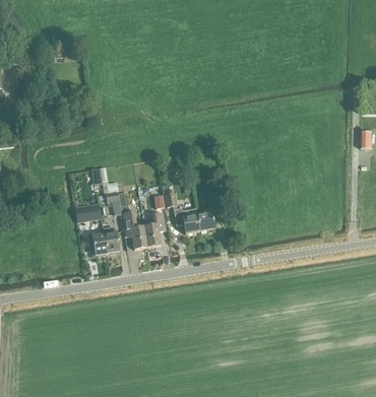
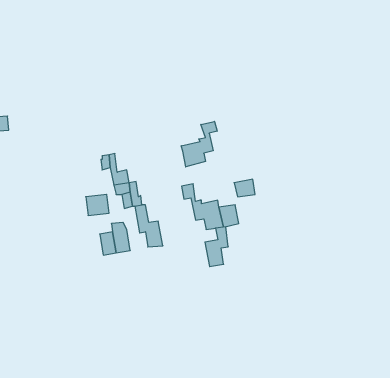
building: none -> [181,121,217,167]
building: [141,212,162,247] -> [205,227,228,267]

